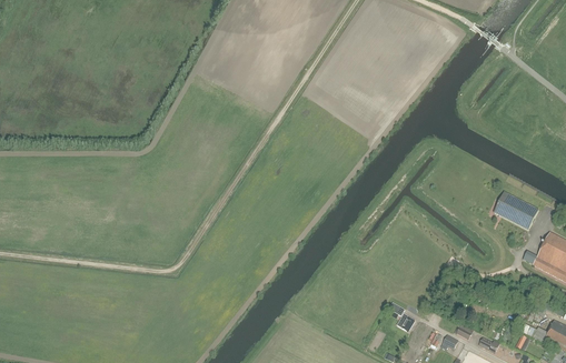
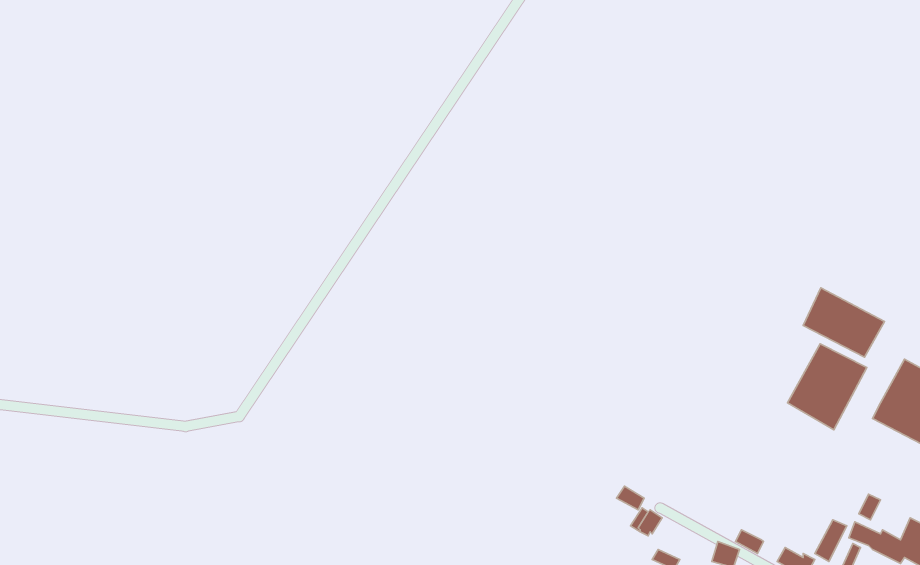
building: none -> [787,344,867,430]

